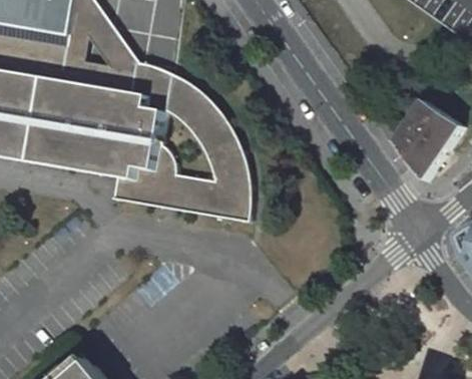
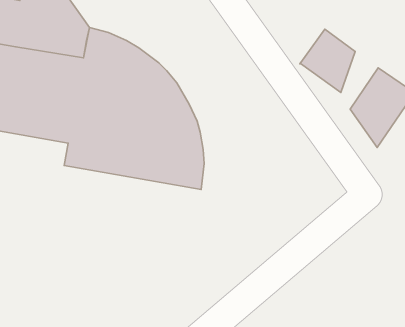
building: none -> [300,29,355,93]

